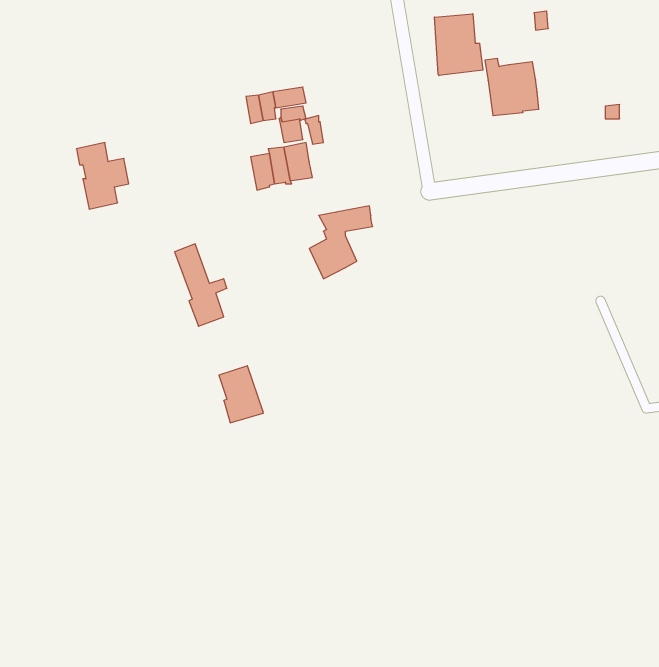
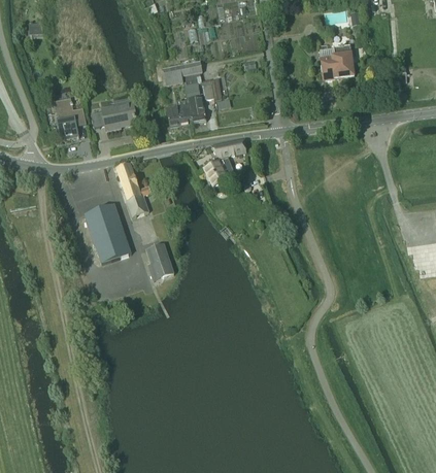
building: [434,14,483,76] -> none
building: none -> [91,101,137,130]
building: none -> [85,204,131,263]

